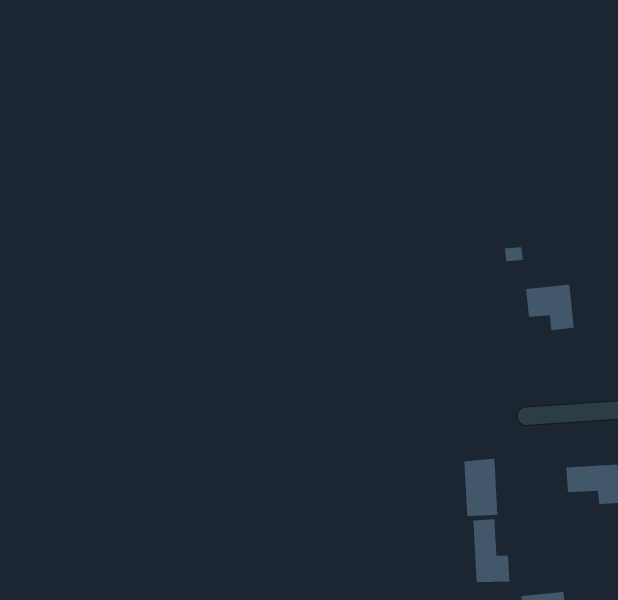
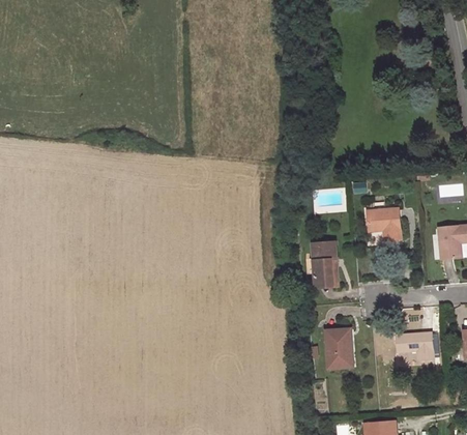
building: none -> [313,241,337,289]
building: [473,519,510,583] -> none

